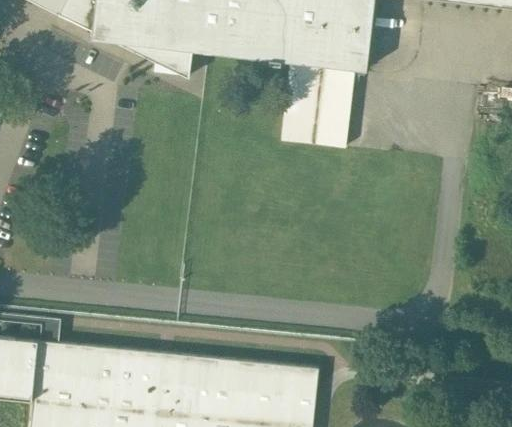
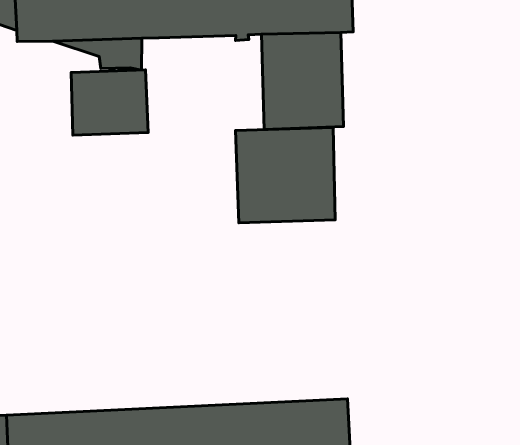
building: none -> [71,70,148,135]
building: none -> [235,127,335,223]

